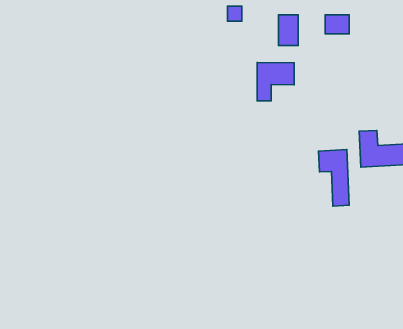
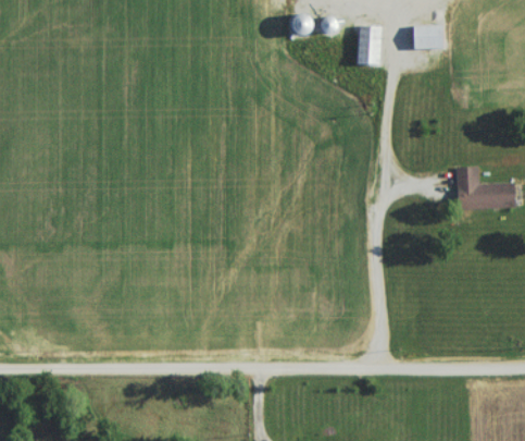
building: [257,62,294,101] -> none
building: [318,150,349,206] -> none

